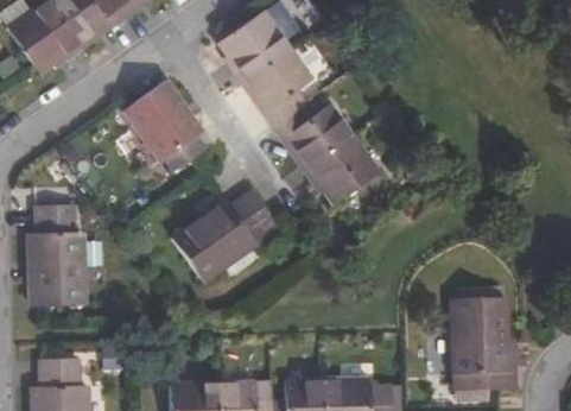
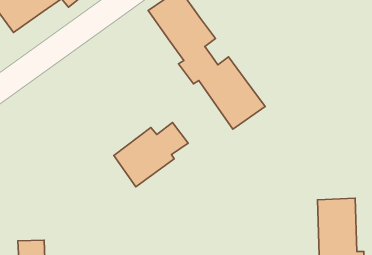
building: [125,81,209,169] -> none
building: [32,202,83,302] -> none

